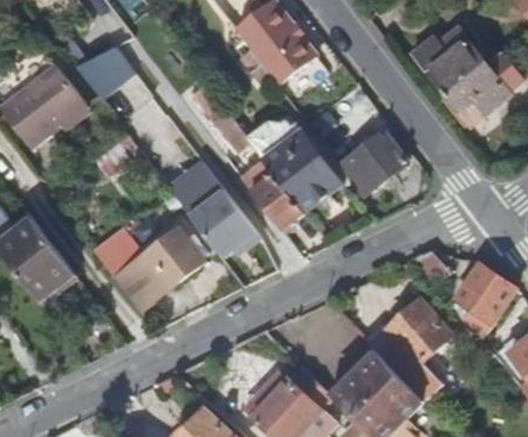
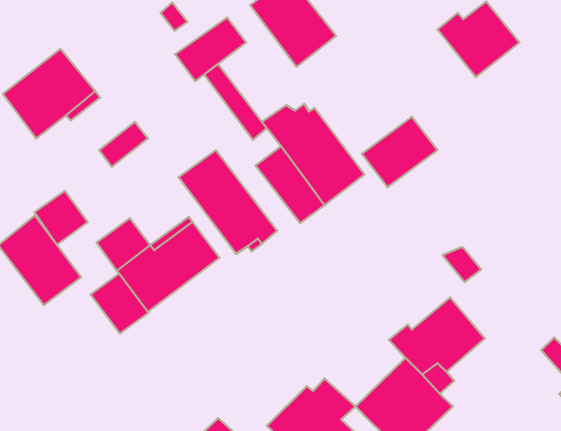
building: none -> [175,17,246,81]
building: [75,45,133,96] -> none
building: [444,52,517,124] -> none
building: none -> [34,191,88,245]
building: [455,263,516,341] -> none
building: none -> [90,274,148,334]

